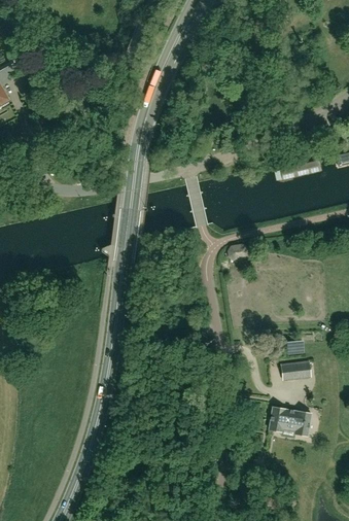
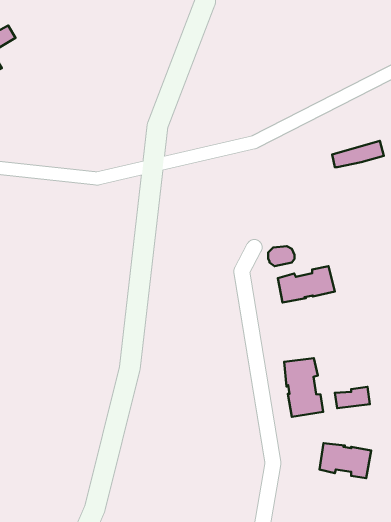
building: none -> [278,266,335,302]
building: none -> [284,358,323,417]

